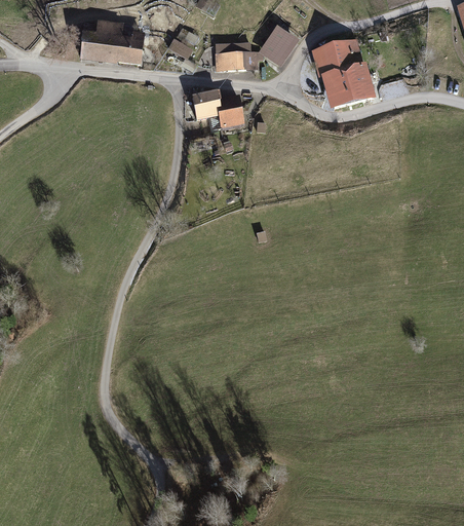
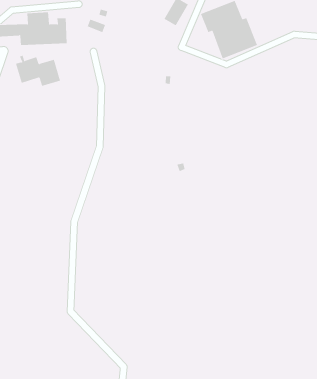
building: [214,41,261,70] -> none
building: [192,85,245,127] -> [15,55,61,87]

